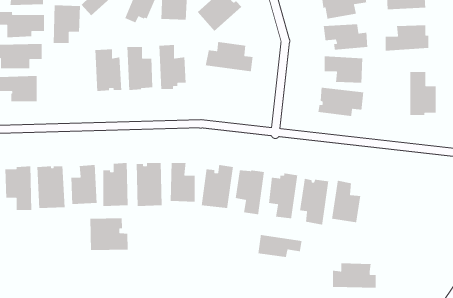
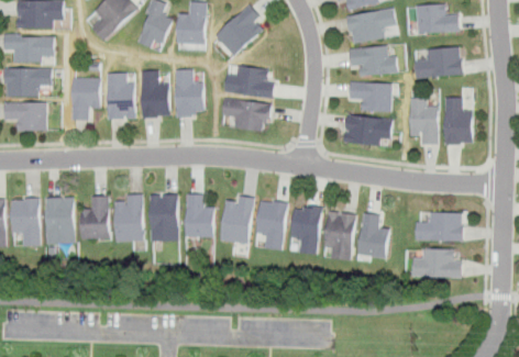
building: [53,4,81,44] -> [70,78,100,120]
building: none -> [410,98,438,144]
building: none -> [222,99,270,131]
building: none -> [413,215,457,241]
building: [89,217,128,251] -> none
building: [257,234,303,258] -> none
building: [332,263,377,288] -> [410,250,457,278]

